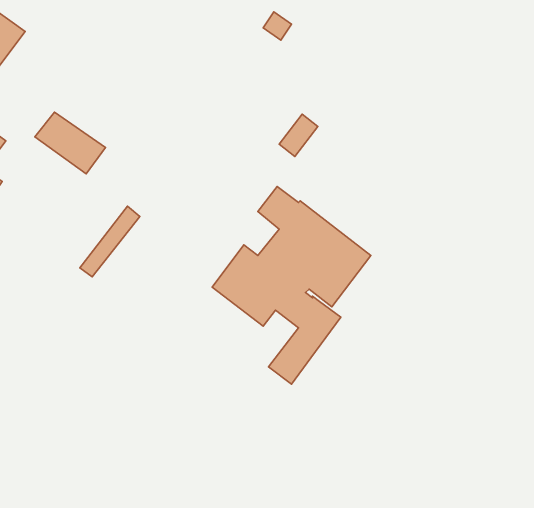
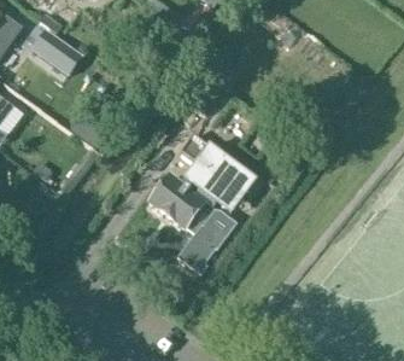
building: [35,112,106,174] -> [33,30,81,72]

